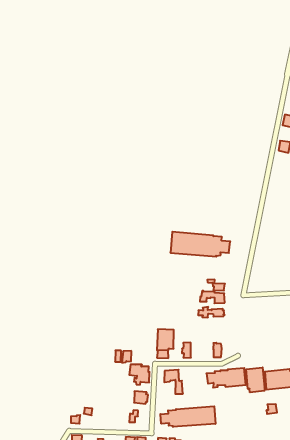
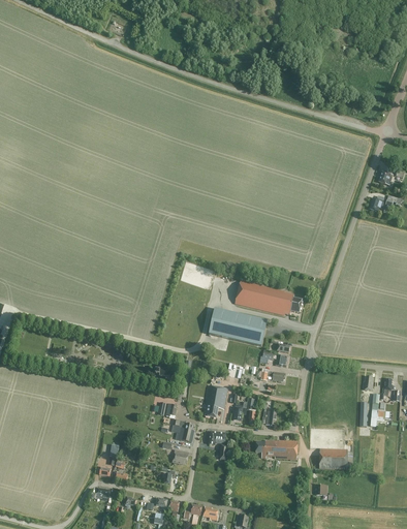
building: none -> [208,307,267,345]
building: [246,367,265,392] -> none
building: [160,406,215,427] -> none

